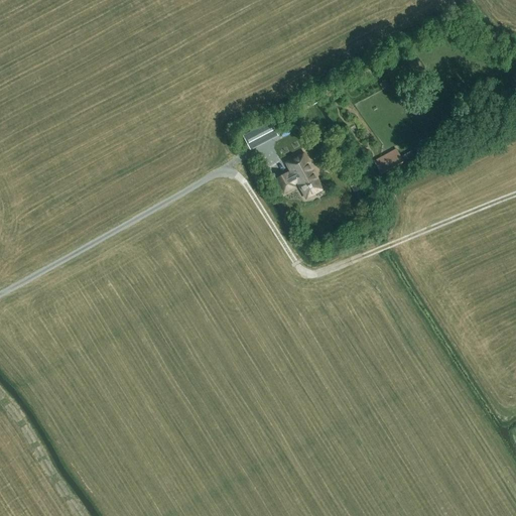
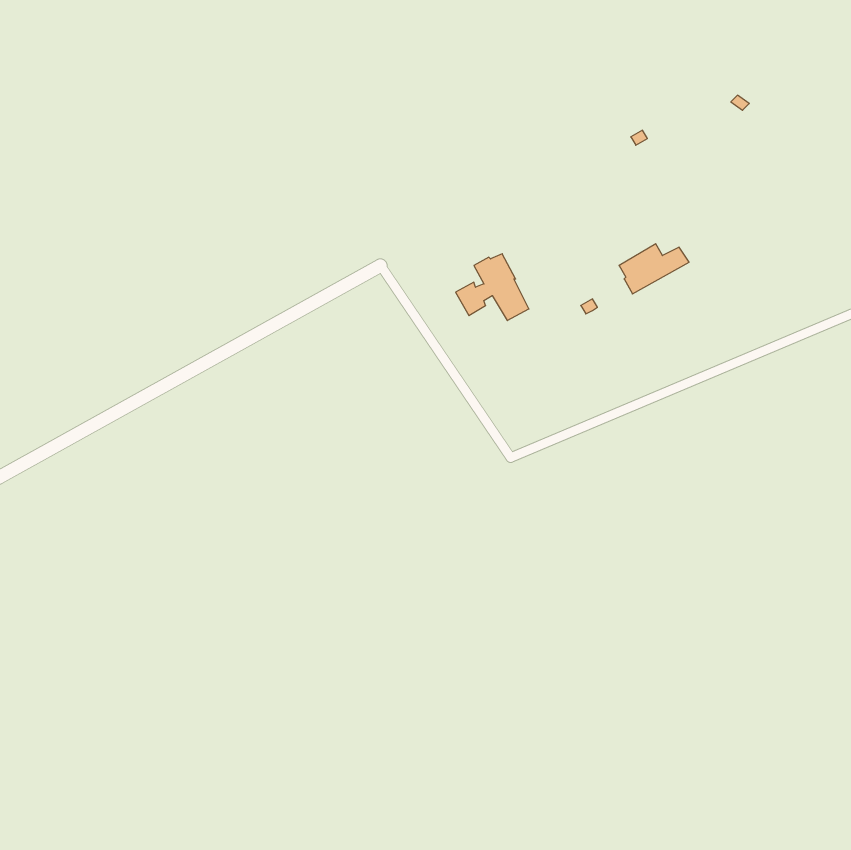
building: [245,120,280,149] -> none

